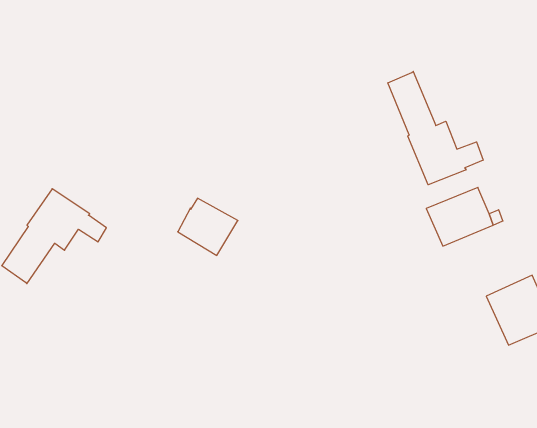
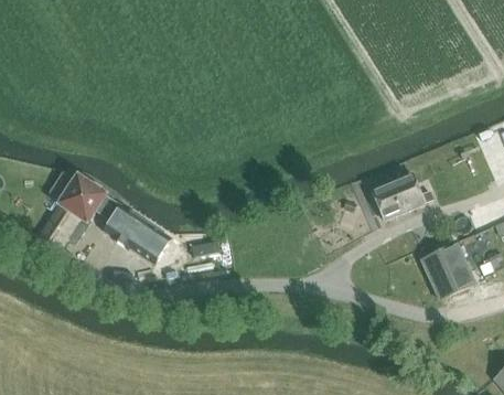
building: [388,71,483,185] -> none
building: [178,198,238,255] -> [118,212,165,257]

